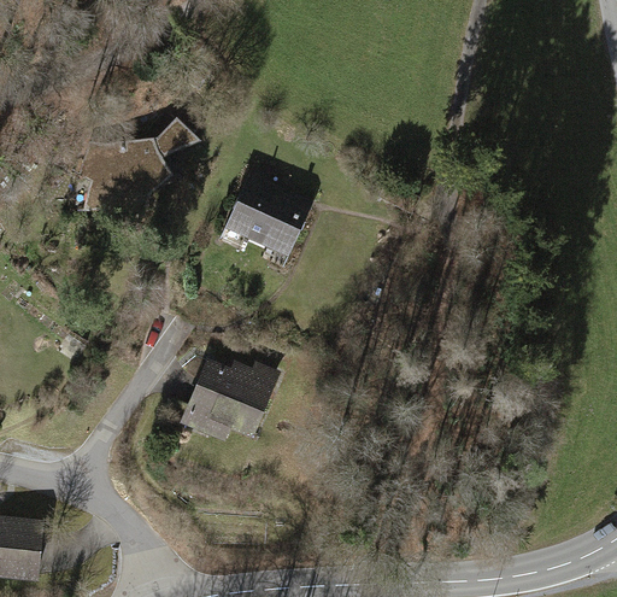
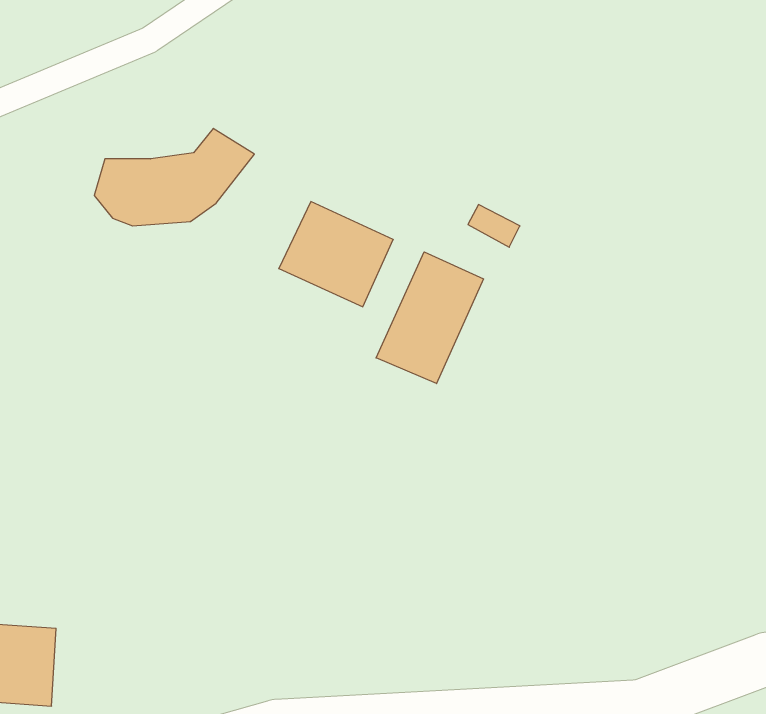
building: none -> [376,252,484,384]
building: [183,355,274,434] -> none

